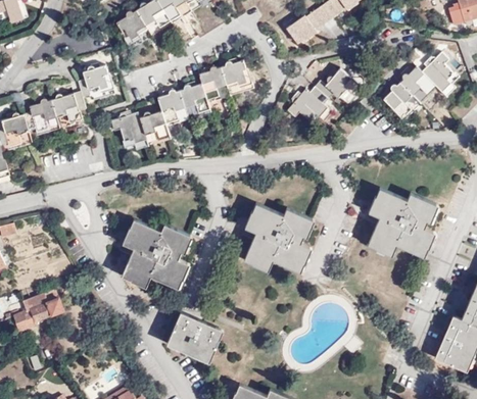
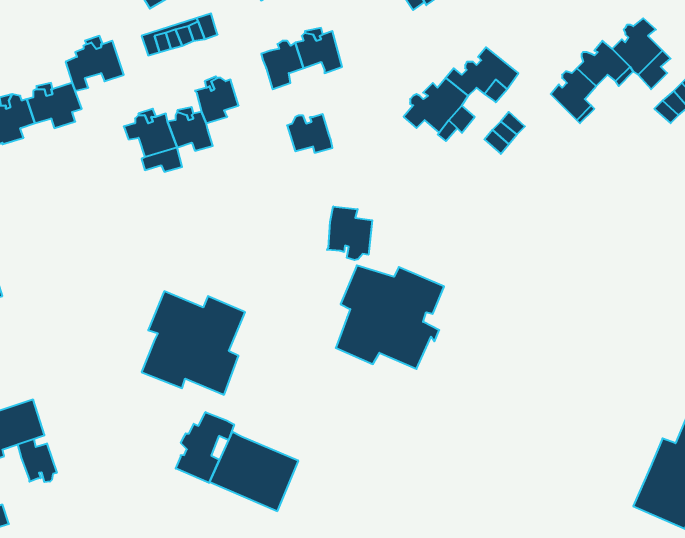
building: [180,82,208,106] -> [287,114,332,153]
building: none -> [327,206,372,260]
building: [368,187,438,256] -> none
building: none -> [176,412,234,483]
building: none -> [18,439,57,482]

